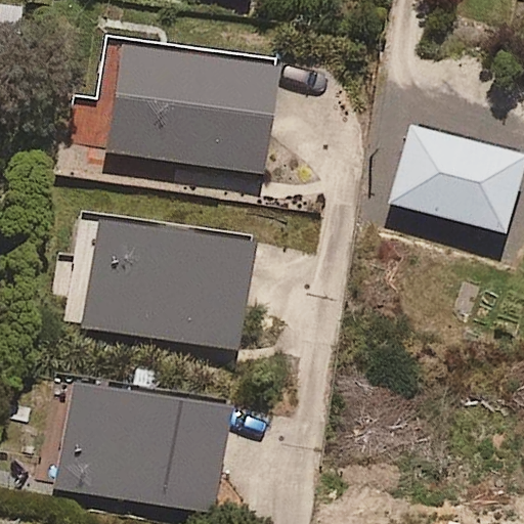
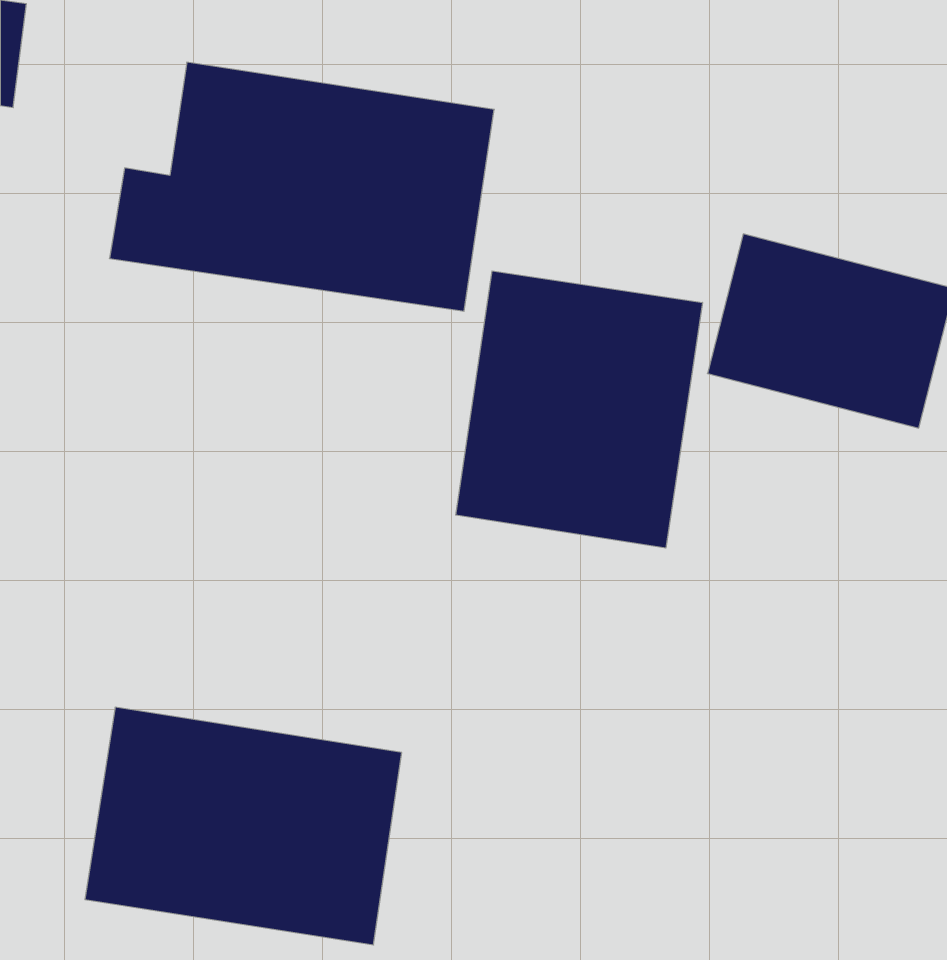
building: none -> [456,271,702,548]
building: [80,220,254,349] -> none

